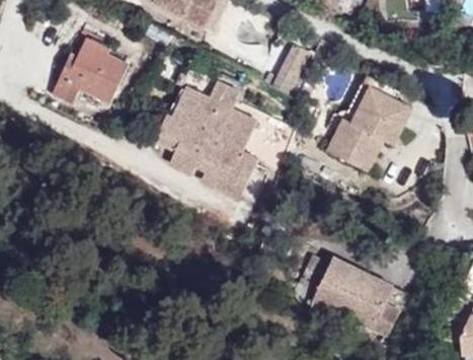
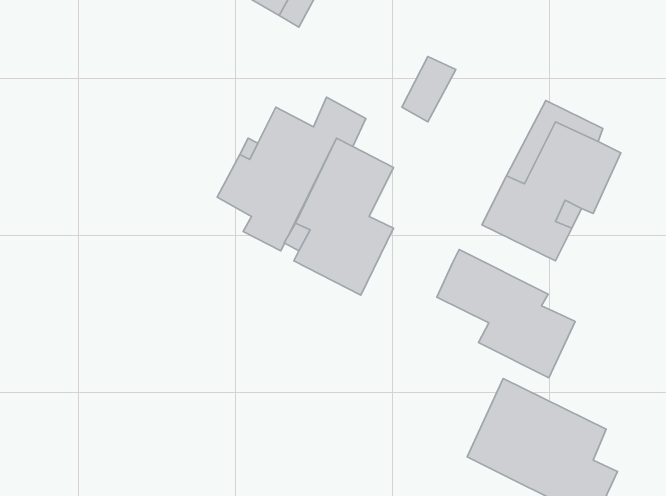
building: [49,44,125,101] -> none
building: none -> [437,249,575,378]

